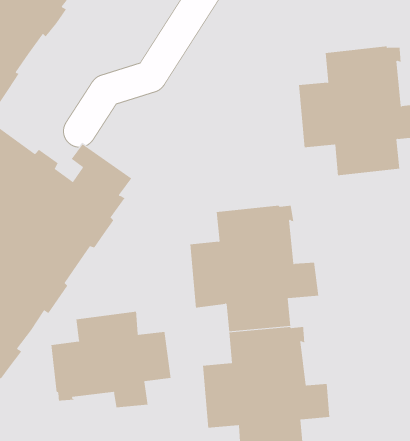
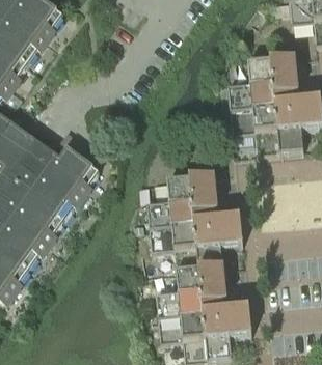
building: [51,311,171,408] -> none

